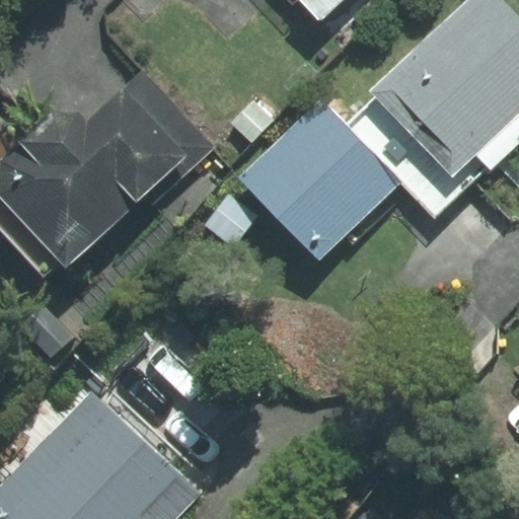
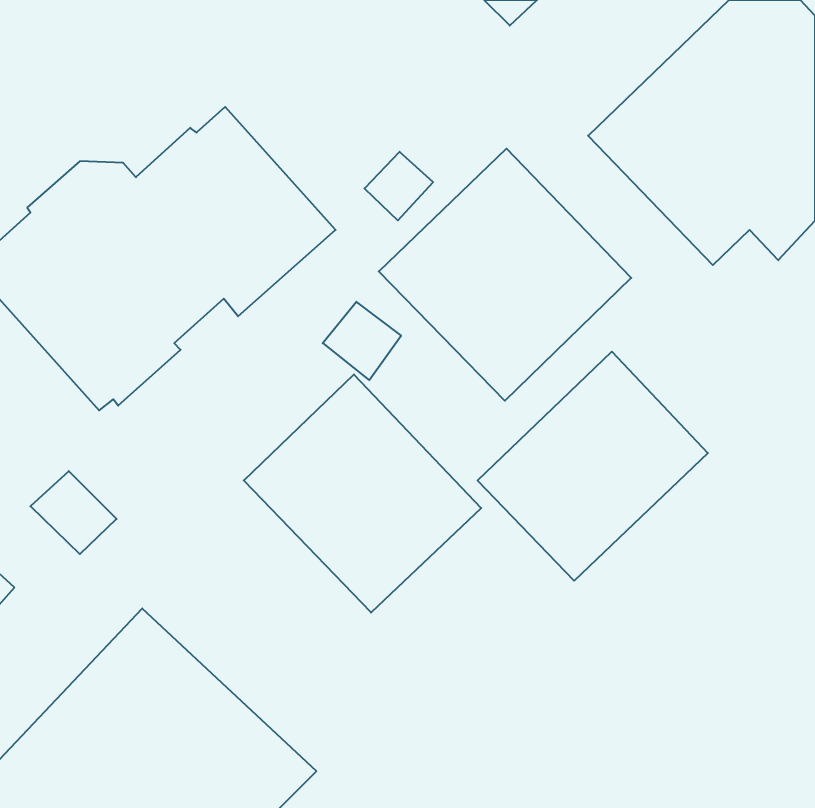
building: none -> [478,352,708,581]
building: none -> [244,374,481,613]

